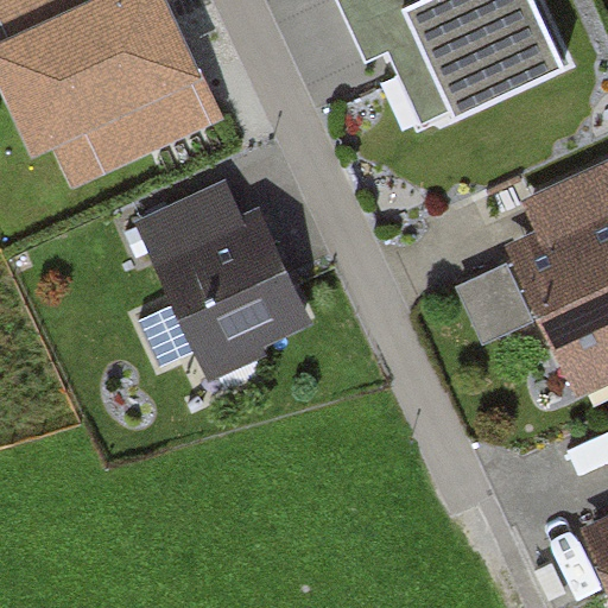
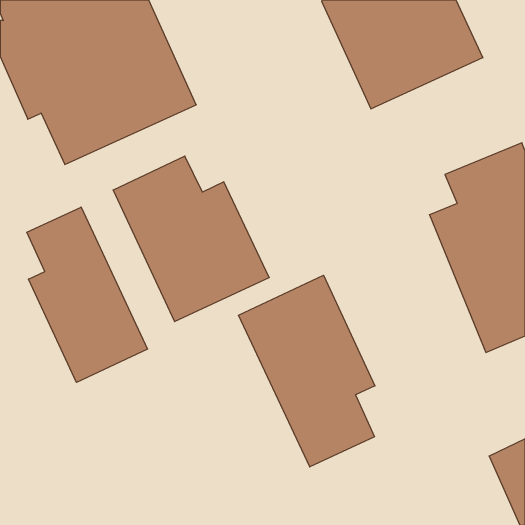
building: none -> [27,207,148,382]
building: none -> [239,275,375,467]

